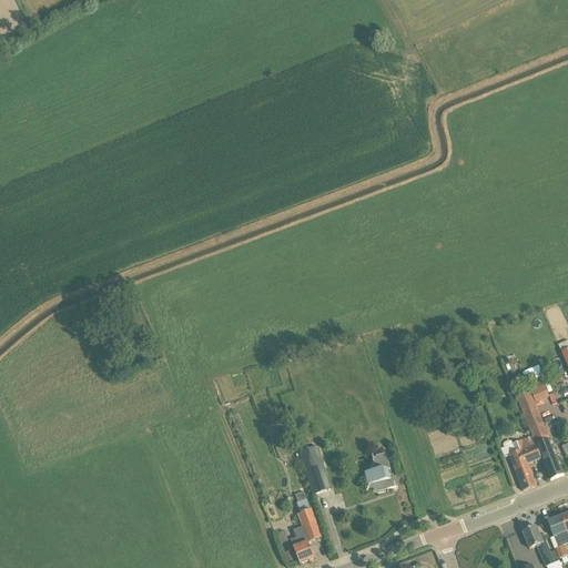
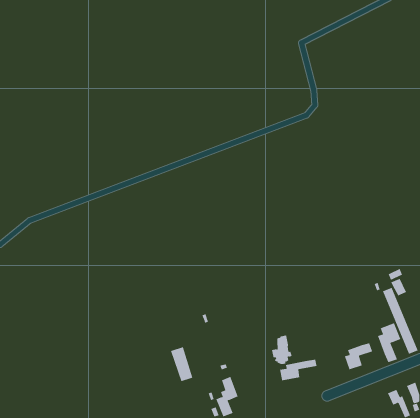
building: [300,445,331,493] -> [170,347,193,382]
building: none -> [344,343,373,370]
building: none -> [280,359,317,381]

